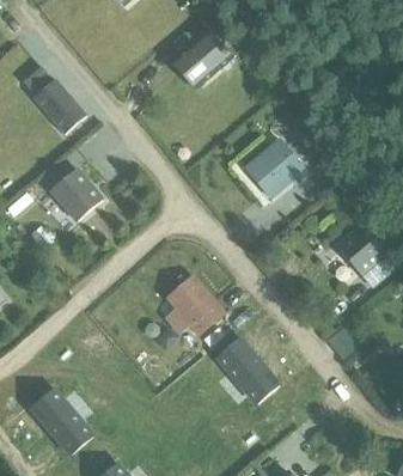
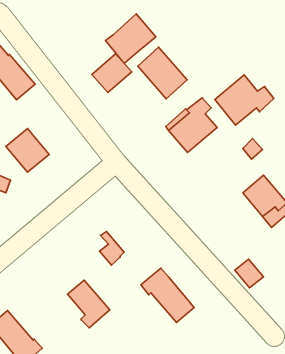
building: none -> [138,47,187,99]
building: none -> [92,54,132,92]
building: none -> [215,75,274,125]
building: [171,276,222,334] -> [67,280,110,328]

